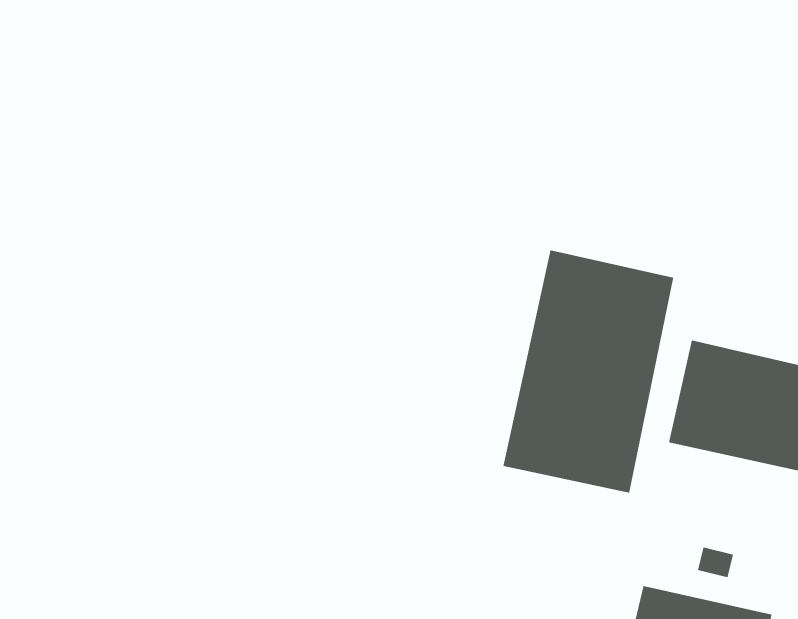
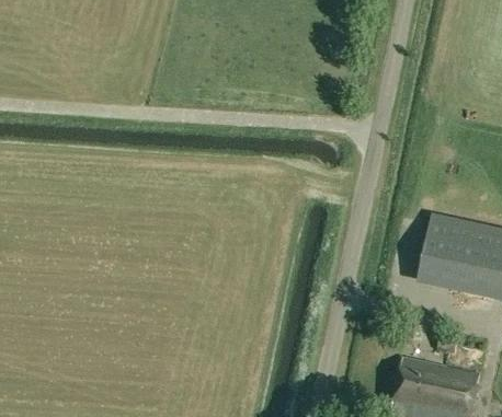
building: [503,249,674,493] -> none

